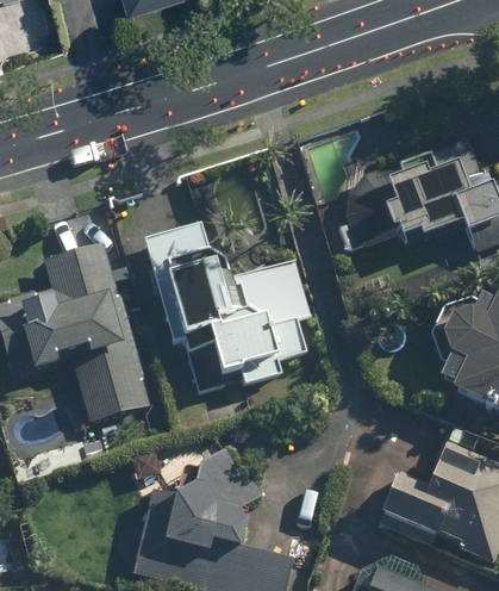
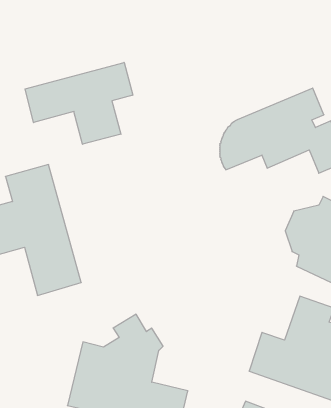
building: none -> [25,62,133,144]
building: [146,222,314,394] -> none

